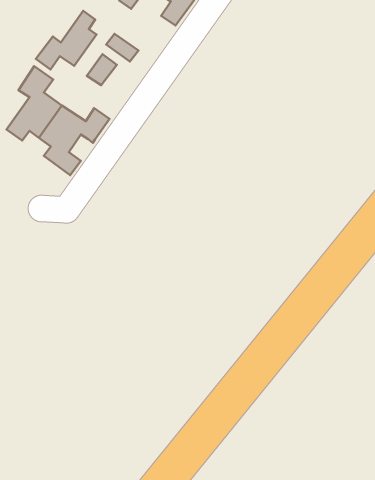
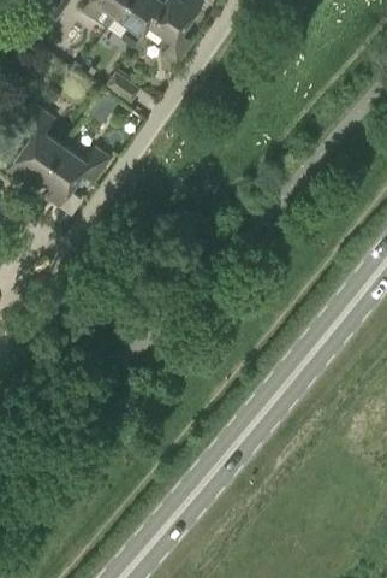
building: [36,11,97,69] -> none

